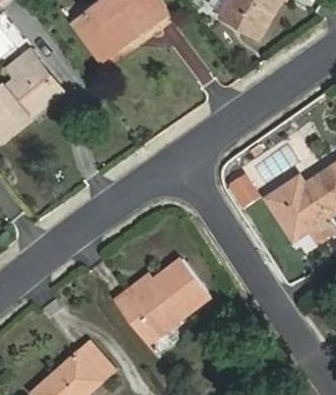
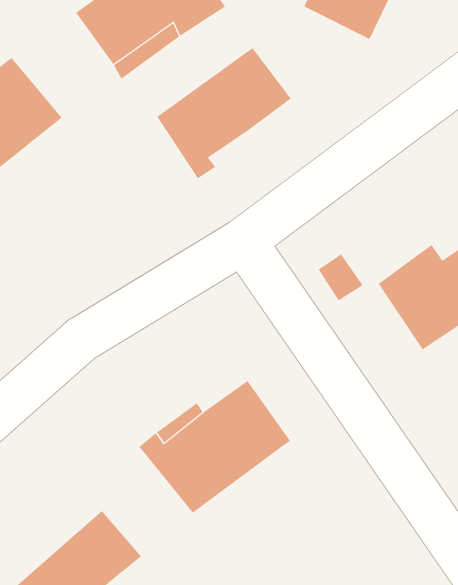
building: none -> [157,47,292,179]

